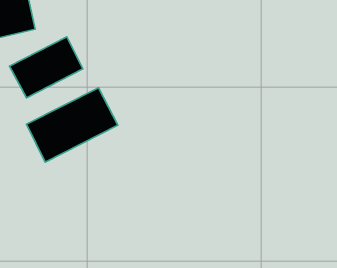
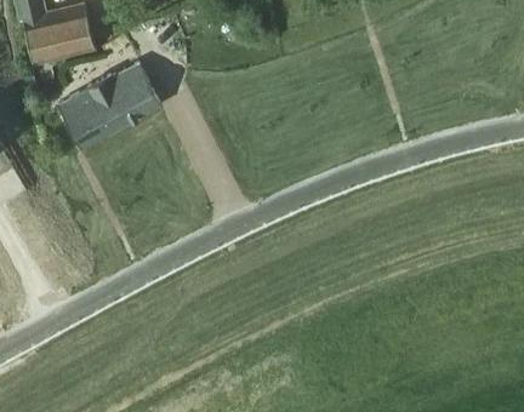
building: [27,88,118,162] -> none

